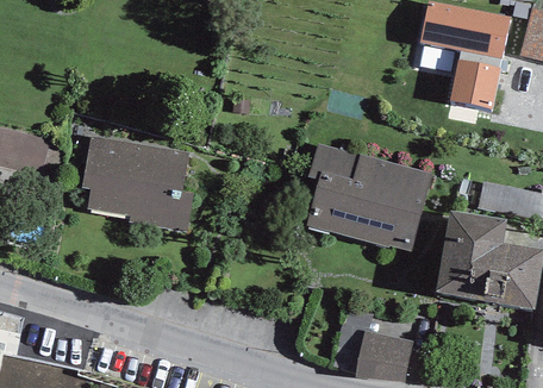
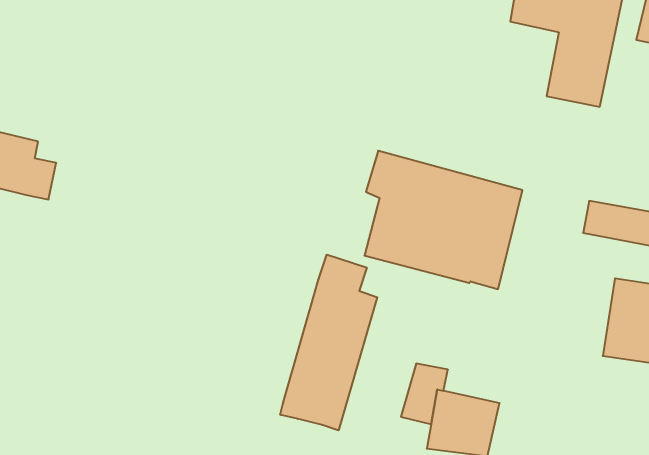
building: [81,136,193,232] -> none
building: [435,212,506,305] -> none
building: none -> [280,255,377,430]

